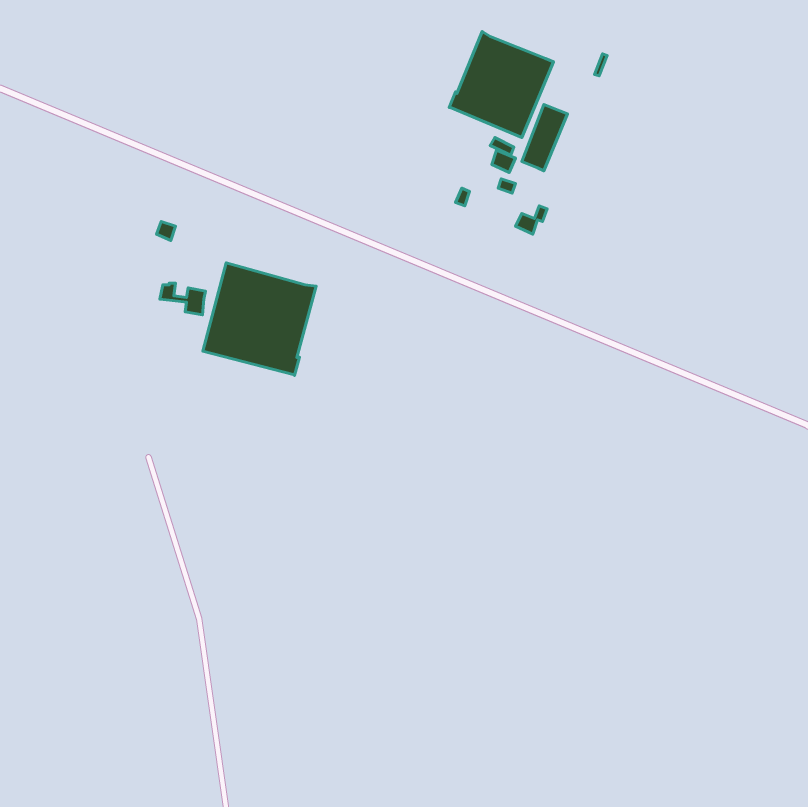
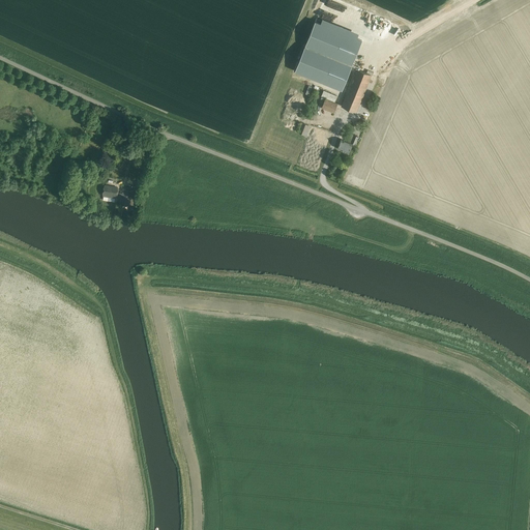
building: [203,263,316,376] -> none

